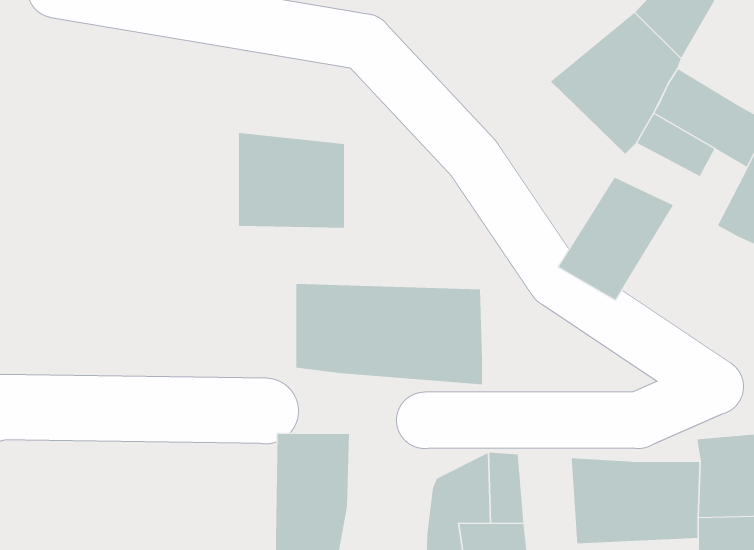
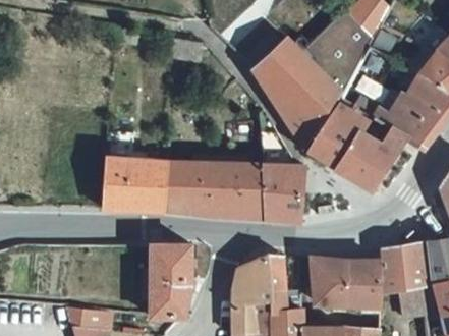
building: none -> [251,38,341,153]
building: [238,133,345,228] -> [104,156,162,208]
building: none -> [336,119,402,191]
building: none -> [263,165,303,220]

